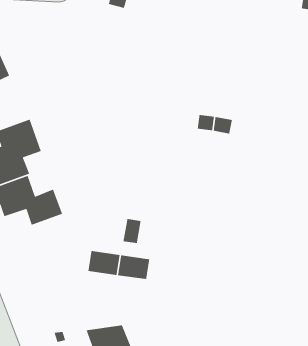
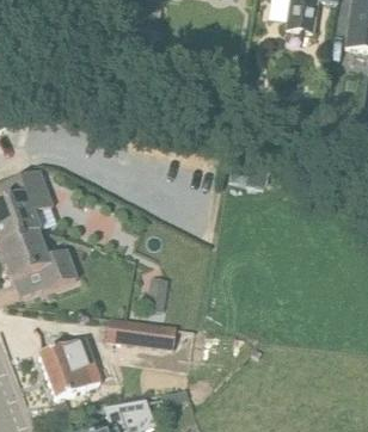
building: none -> [39,337,102,399]

